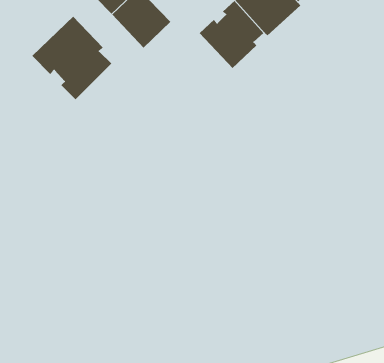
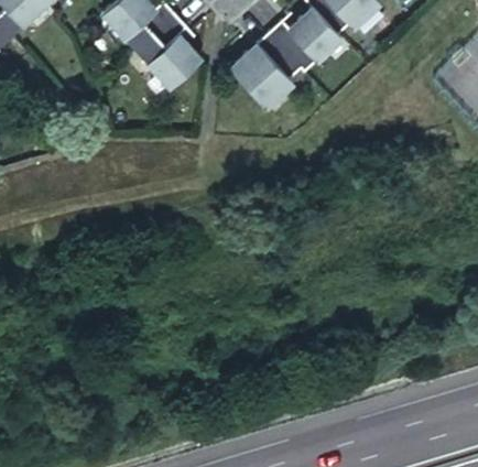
building: [32,16,112,100] -> none

